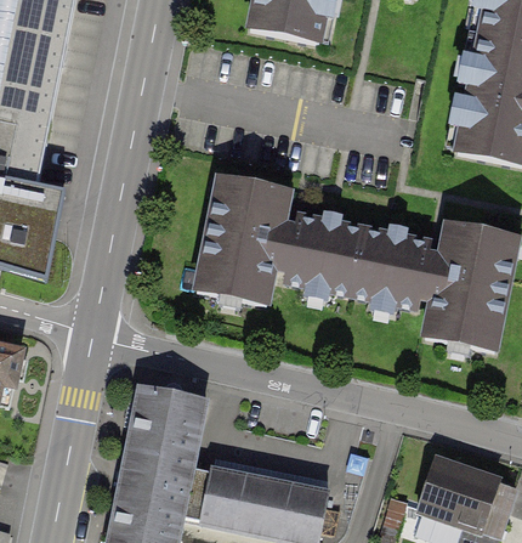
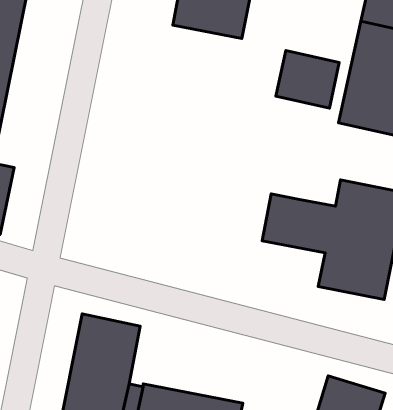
building: none -> [276,51,339,108]
building: [194,171,363,307] -> none

